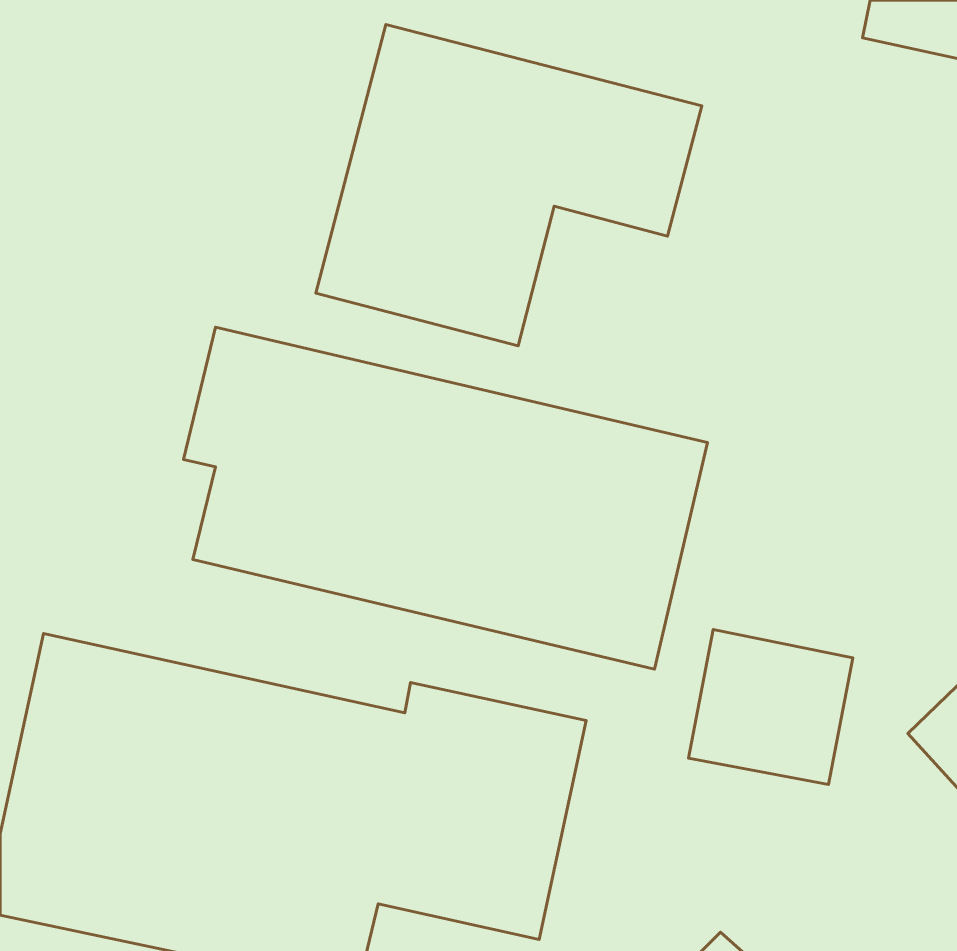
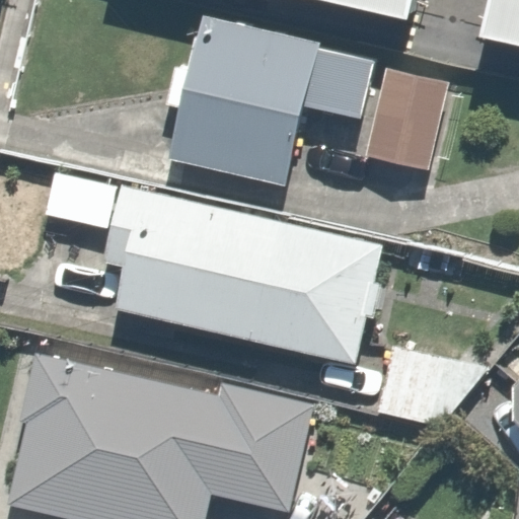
building: none -> [362,62,443,170]

